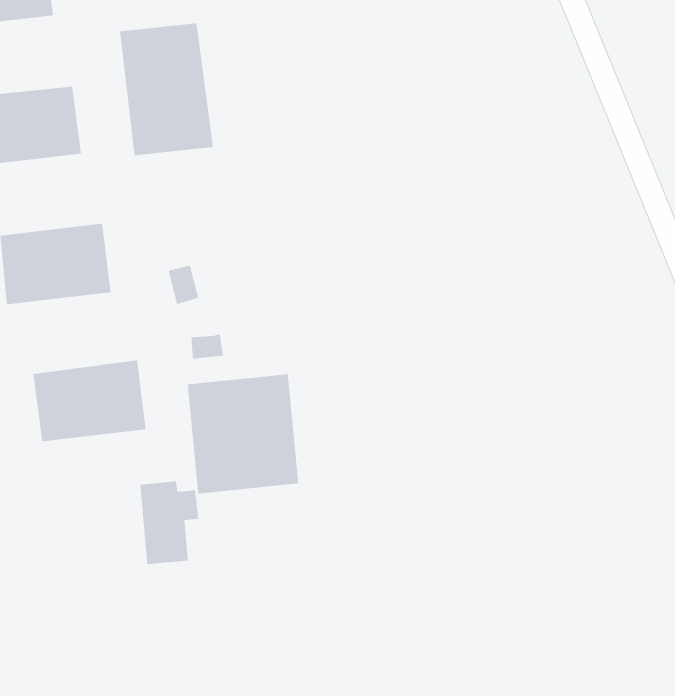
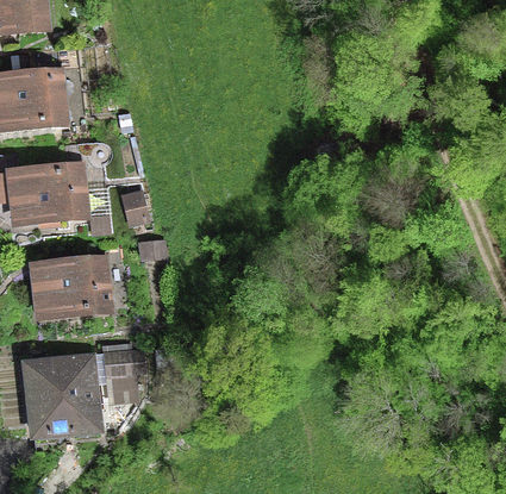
building: [119,23,214,156] -> none
building: [187,373,299,495] -> [25,351,101,433]

